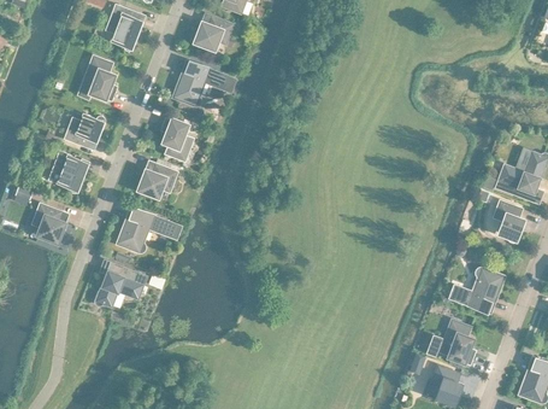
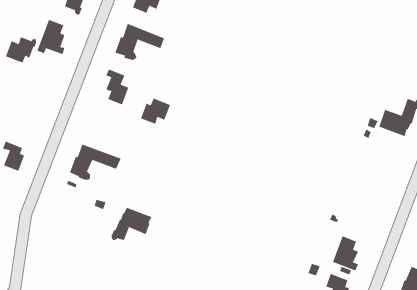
building: [65,113,104,146] -> [5,37,37,63]
building: [49,152,83,192] -> none
building: [139,163,176,195] -> [140,98,171,125]
building: [494,200,524,243] -> none
building: [94,264,145,305] -> [111,207,152,241]
building: [448,267,502,311] -> none

